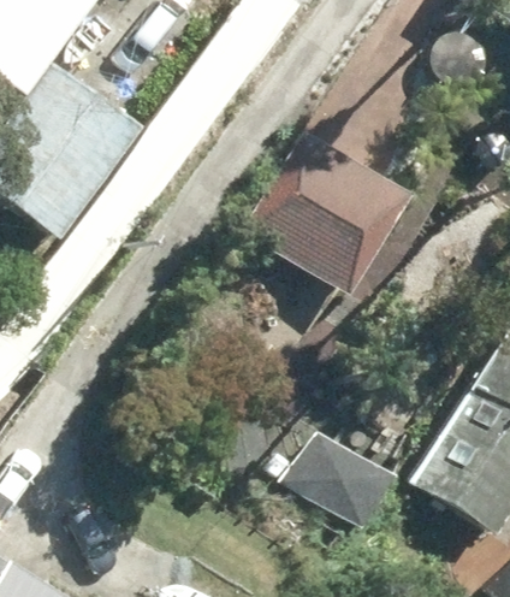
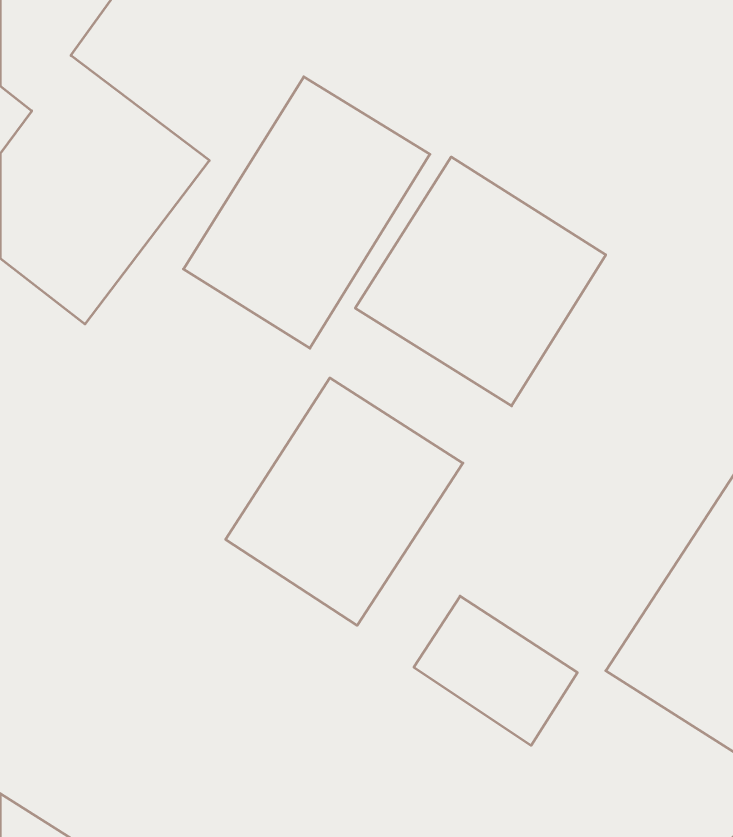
building: none -> [183,77,430,348]
building: none -> [226,378,463,625]

